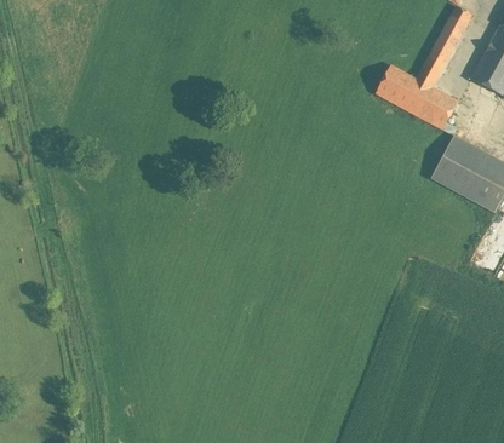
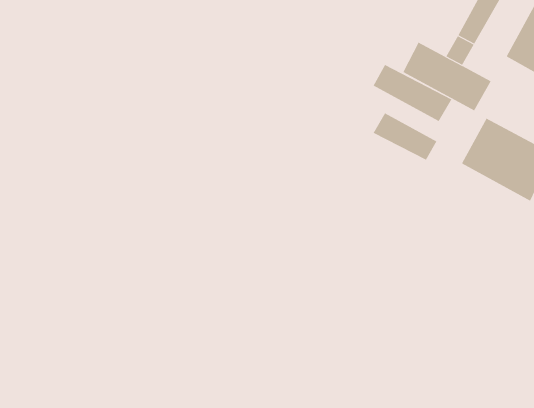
building: none -> [373,64,452,122]
building: none -> [373,113,437,161]

